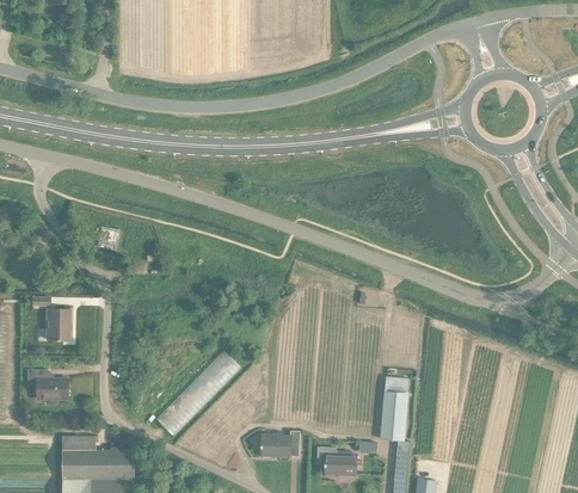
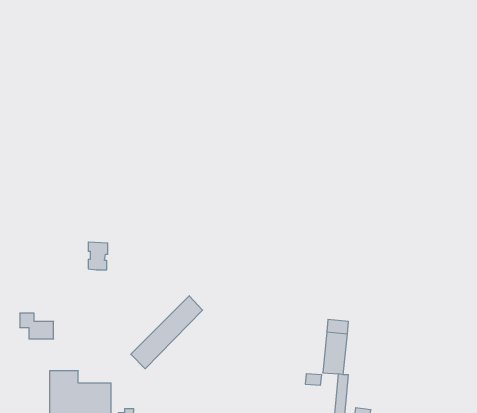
building: [48,308,70,340] -> [88,242,108,270]
building: [260,430,300,456] -> none
building: [324,446,357,474] -> none

